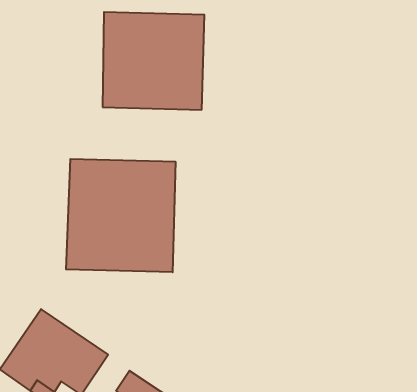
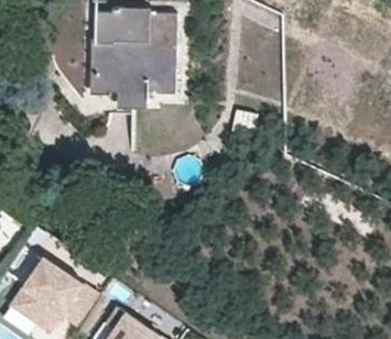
building: [66,159,175,272] -> none

